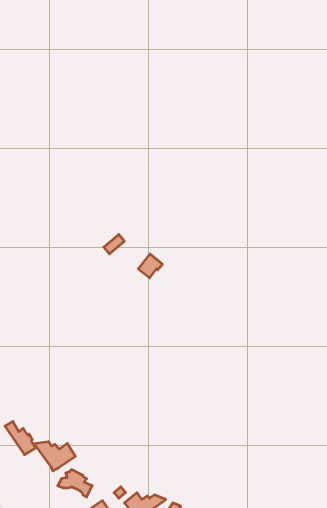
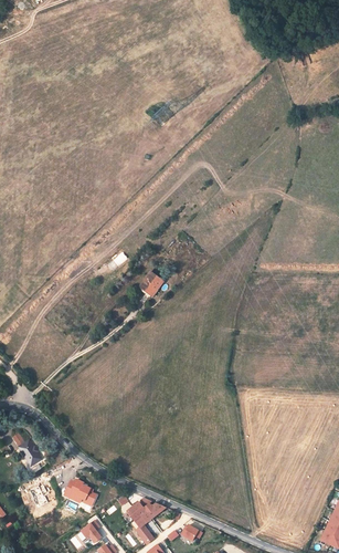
building: [34,442,75,471] -> none

